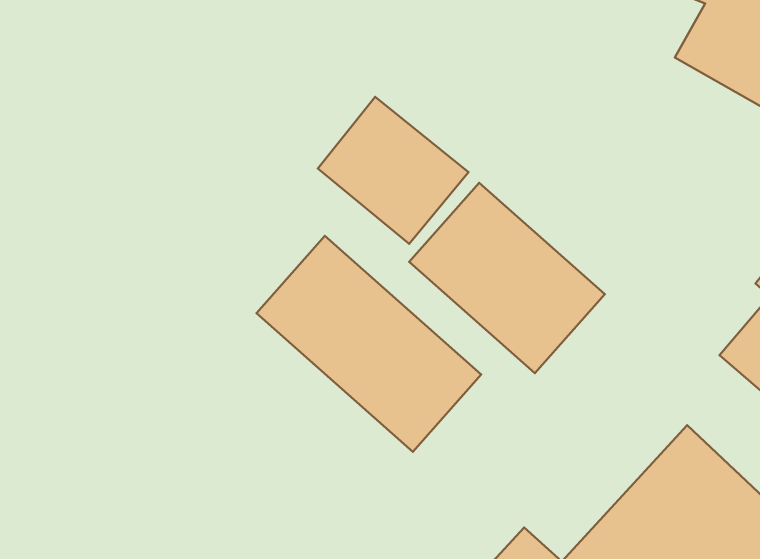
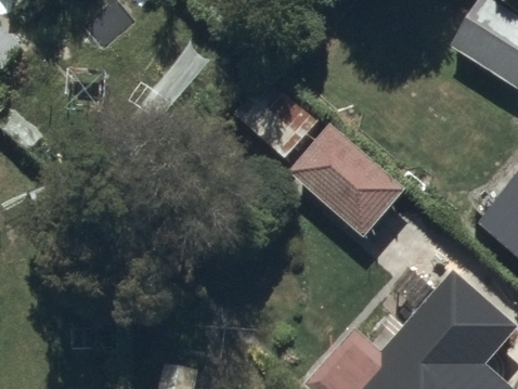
building: [256,236,481,452] -> none

